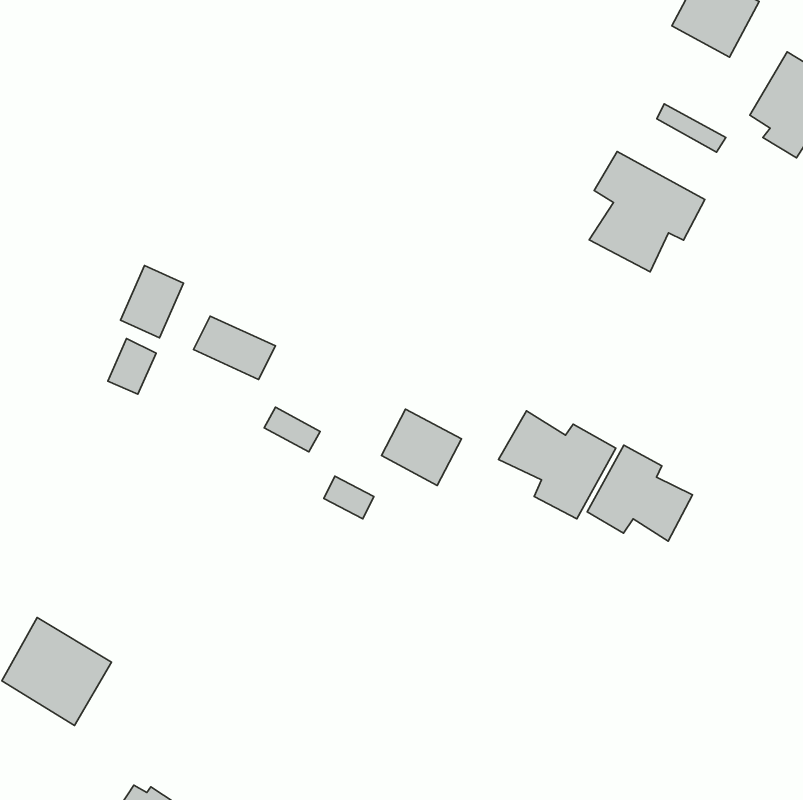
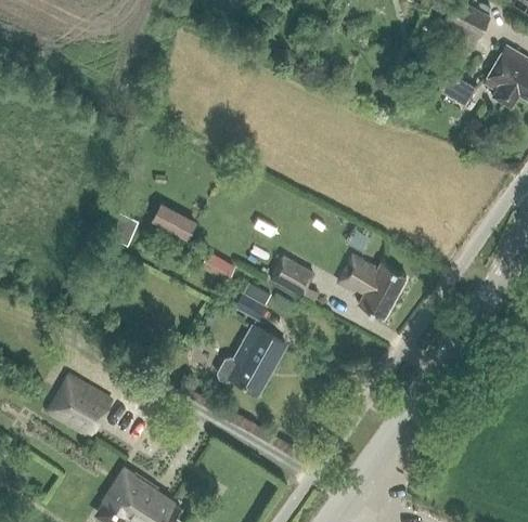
building: [589,152,705,272] -> none
building: [121,266,183,338] -> none
building: [587,445,693,541] -> none
building: none -> [218,325,285,393]

